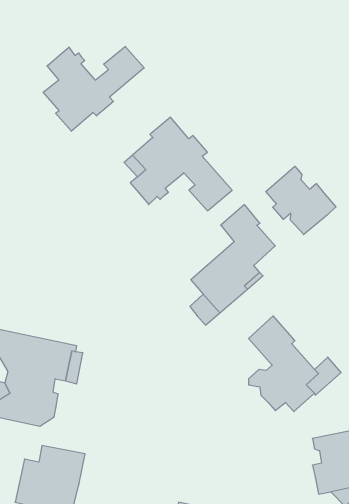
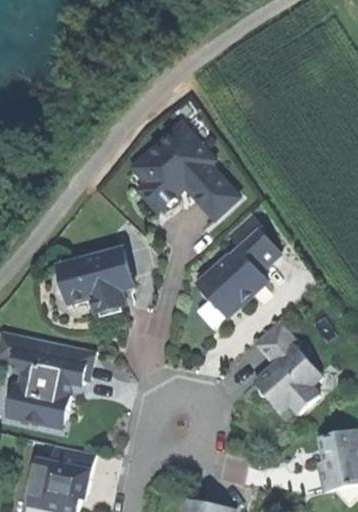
building: [43,46,144,131] -> none
building: [266,166,336,235] -> none
building: none -> [57,249,131,313]

